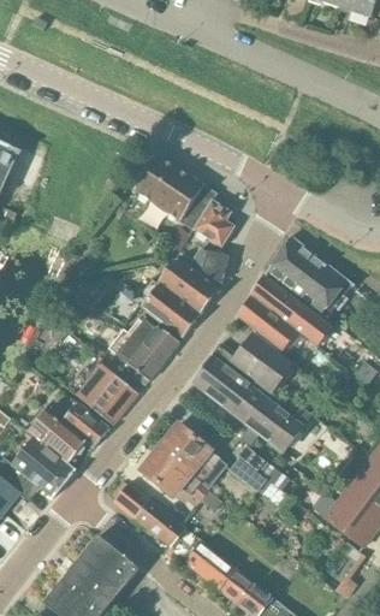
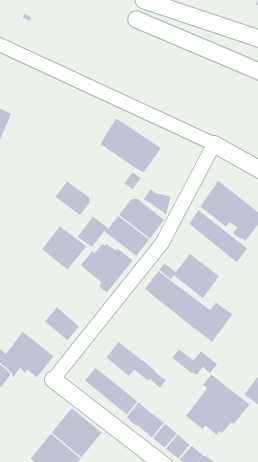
building: [192,200,234,248] -> none
building: none -> [55,181,90,216]
building: [238,297,299,350] -> none
building: [78,366,138,425] -> [41,225,87,270]
building: [29,409,85,463] -> none
building: [159,425,220,482] -> none
building: none -> [185,373,251,435]

